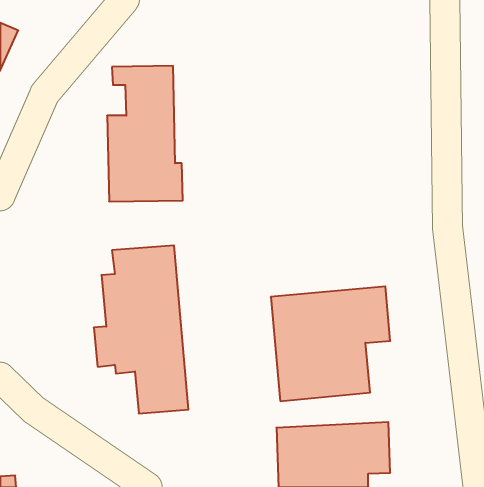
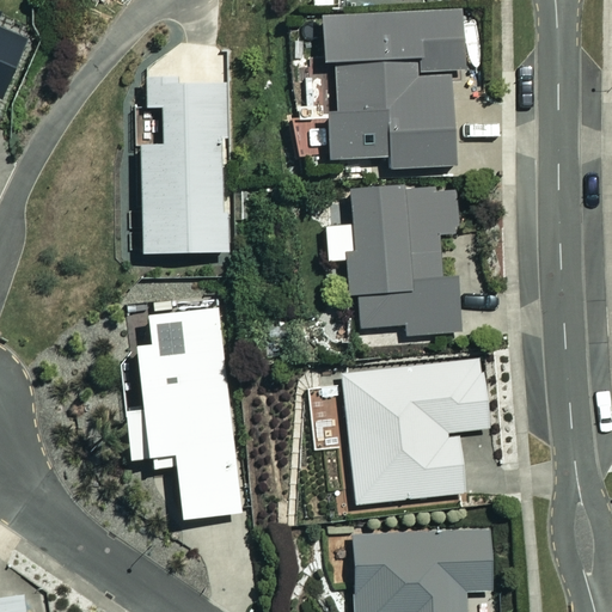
building: none -> [320,10,467,167]
building: none -> [329,186,459,333]

